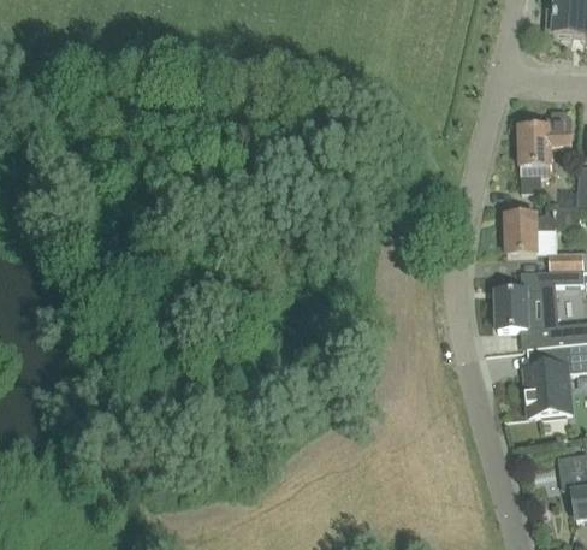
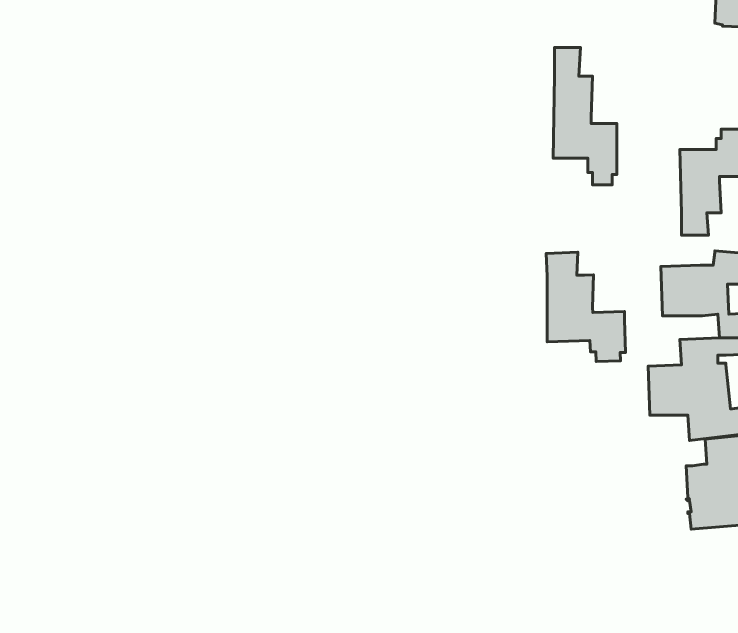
building: none -> [553,48,617,185]
building: none -> [546,252,626,362]

